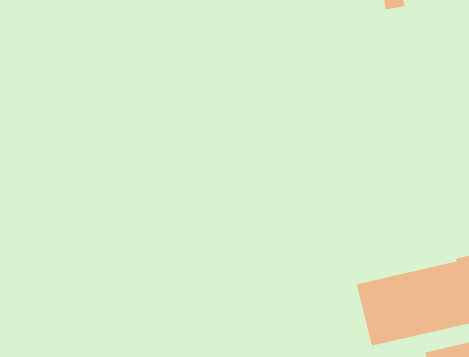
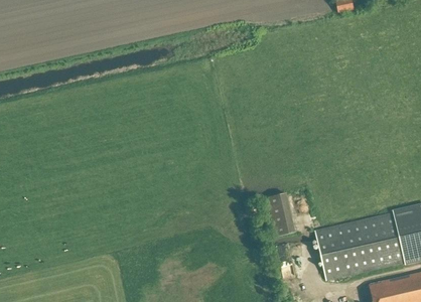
building: none -> [268,192,298,236]

